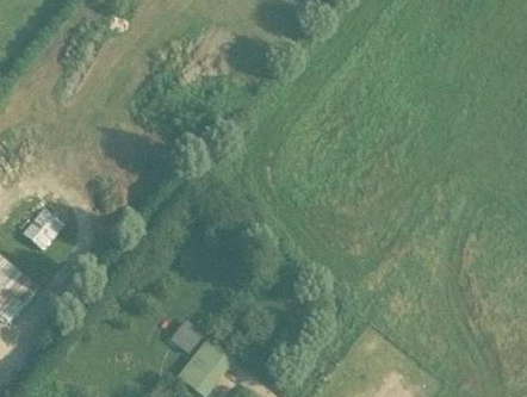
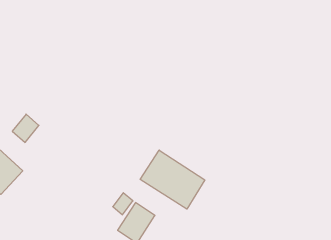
building: none -> [140,150,205,209]

